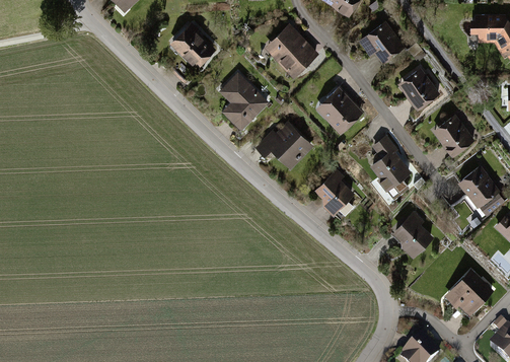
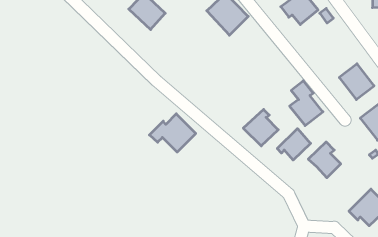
building: [397,66,440,111] -> none
building: [218,73,269,132] -> none
building: [316,86,364,134] -> none
building: [254,121,312,168] -> [149,114,196,152]
building: none -> [277,129,311,160]

